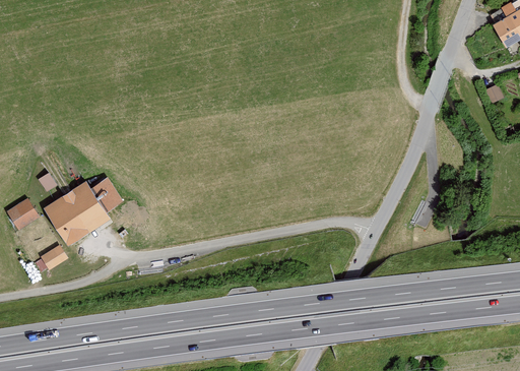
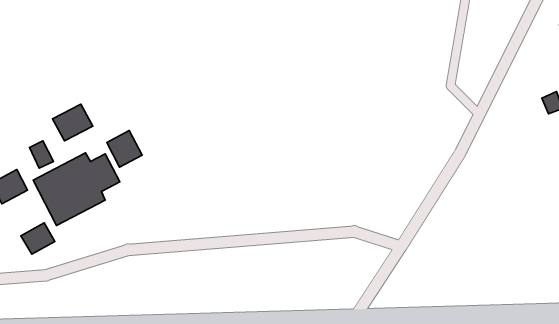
building: none -> [53,104,93,141]
building: none -> [107,130,142,167]

